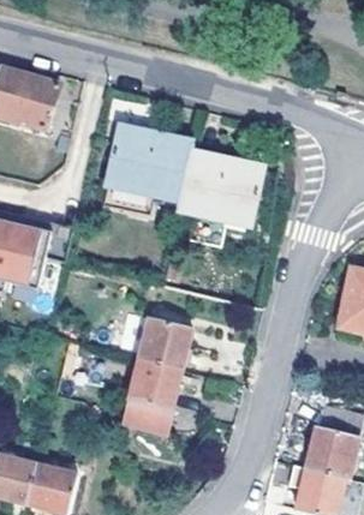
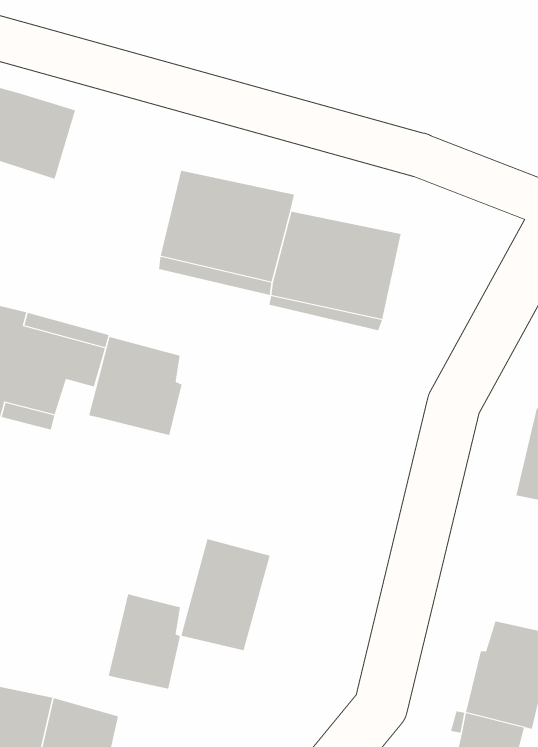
building: none -> [88,336,182,436]
building: [137,319,187,370] -> none
building: none -> [108,594,181,689]

